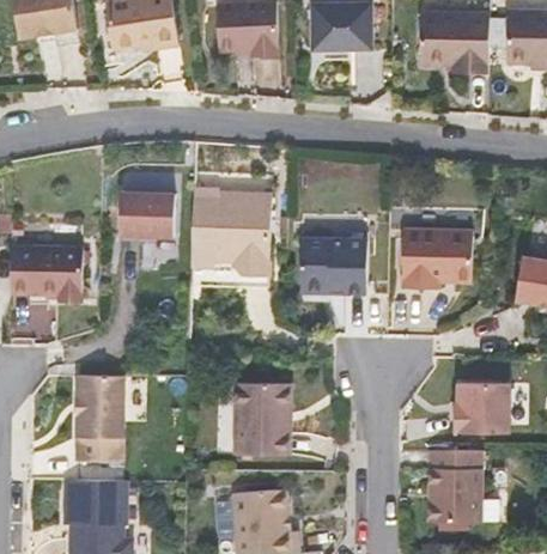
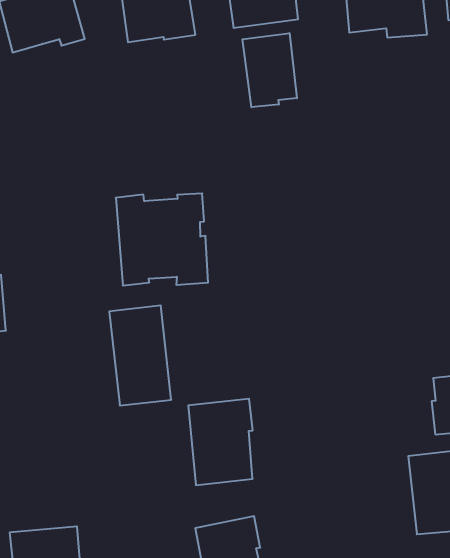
building: none -> [242,33,297,107]
building: [118,193,172,236] -> none
building: [402,230,473,288] -> none
building: [300,238,367,294] -> none
building: [74,376,121,461] -> [109,306,171,405]

